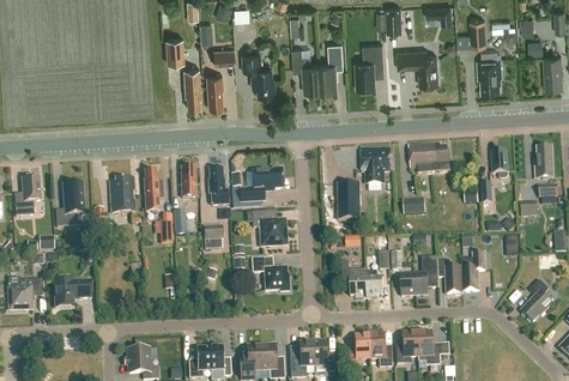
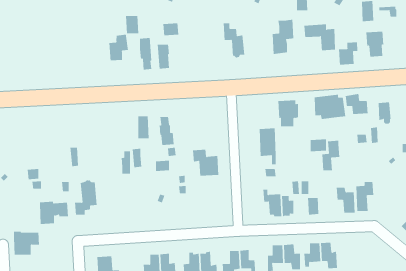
building: [317,42,341,91] -> none
building: [242,53,276,95] -> none
building: none -> [109,34,128,61]
building: none -> [338,42,358,65]
building: none -> [345,93,368,115]
building: [240,167,283,201] -> none
building: [144,169,163,211] -> none
building: [16,176,42,216] -> none
building: [110,176,135,212] -> none
building: [55,180,85,225] -> [74,180,97,215]
building: [414,254,438,294] -> [322,140,340,171]
building: [252,256,290,290] -> none
building: [8,277,43,308] -> [13,231,40,255]

